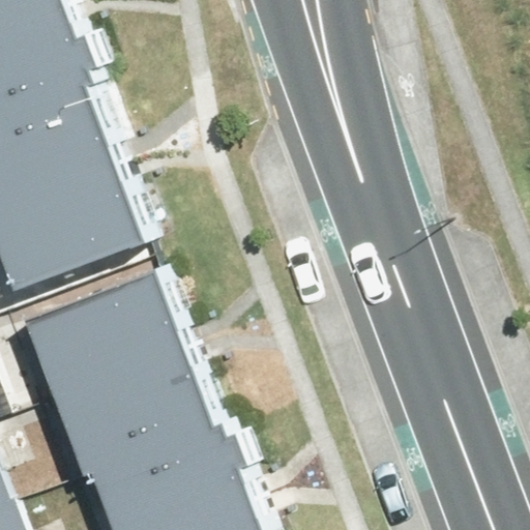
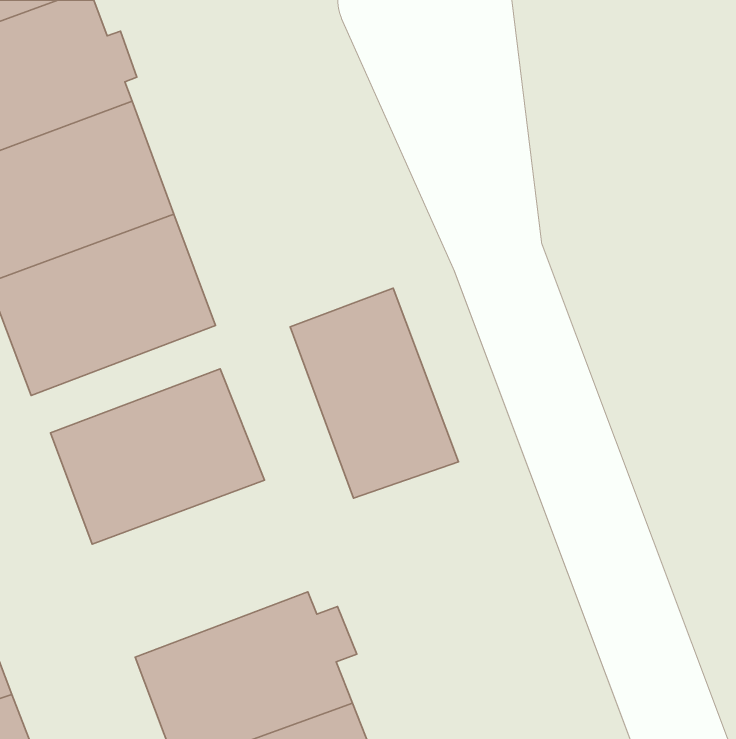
building: none -> [290,288,458,498]
building: [64,349,214,472] -> none

